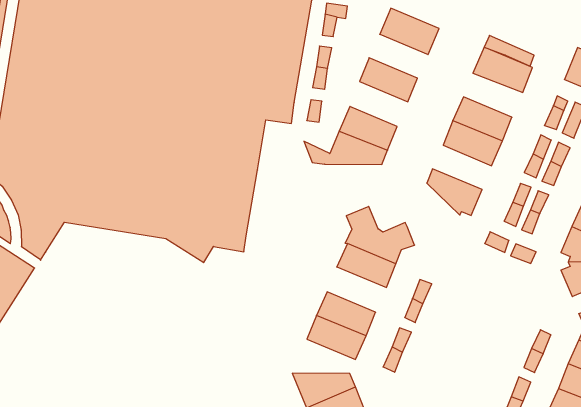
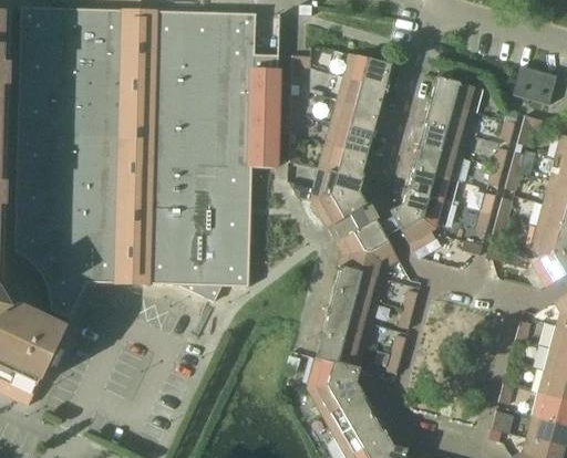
building: none -> [336,79,388,113]
building: none -> [424,102,476,136]
building: none -> [324,123,375,158]
building: none -> [405,169,457,204]
building: none -> [309,194,367,230]
building: none -> [389,205,436,253]
building: none -> [353,220,388,253]
building: none -> [327,290,379,325]
building: none -> [306,357,360,389]

